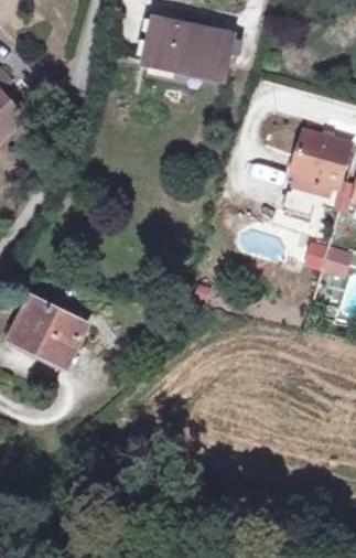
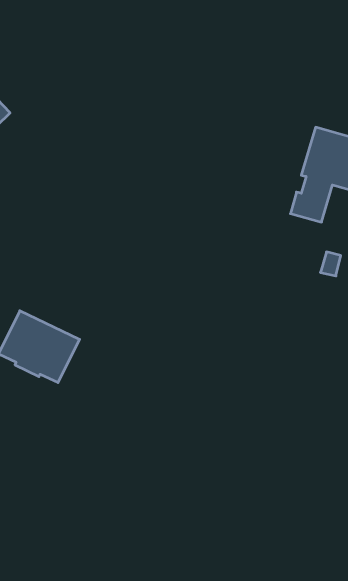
building: [143,19,233,76] -> none

